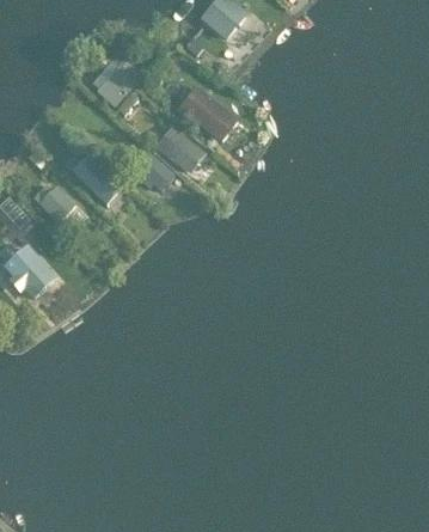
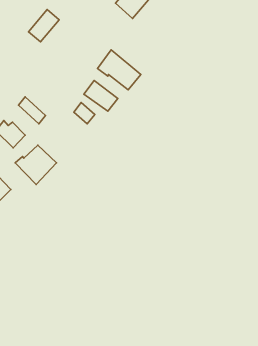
building: [99,60,142,105] -> [28,10,59,42]
building: none -> [15,145,57,184]

